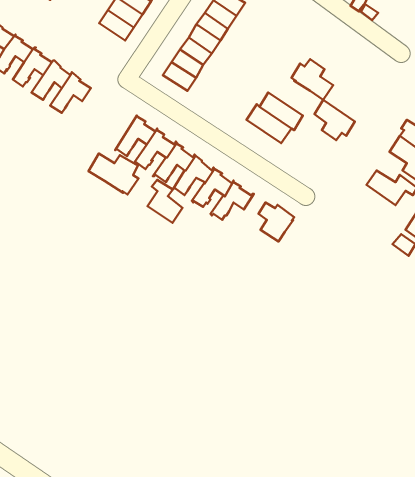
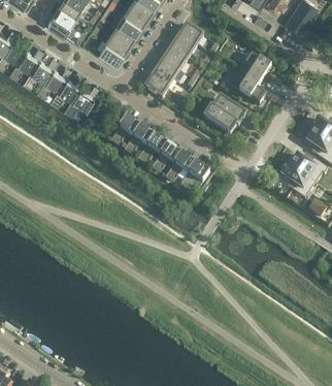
building: [315,100,355,140] -> [244,53,273,82]
building: [89,154,139,194] -> none
building: [148,180,183,223] -> none
building: none -> [281,164,310,198]
building: [259,202,294,242] -> none

